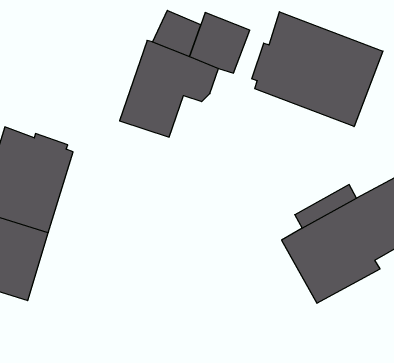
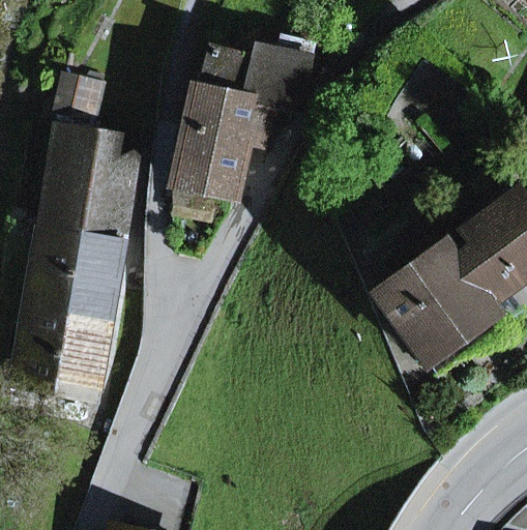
building: [252,12,383,127] -> none
building: none -> [43,84,138,230]

